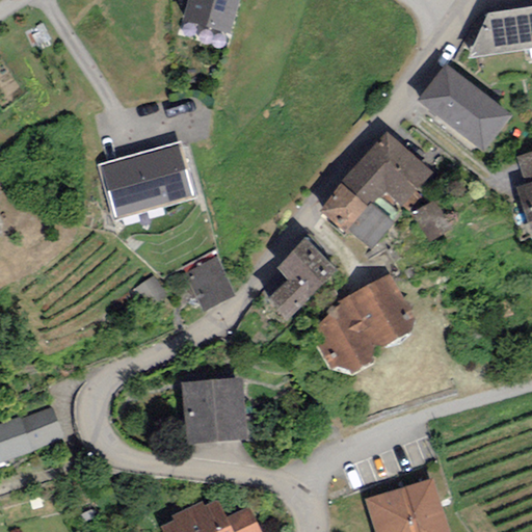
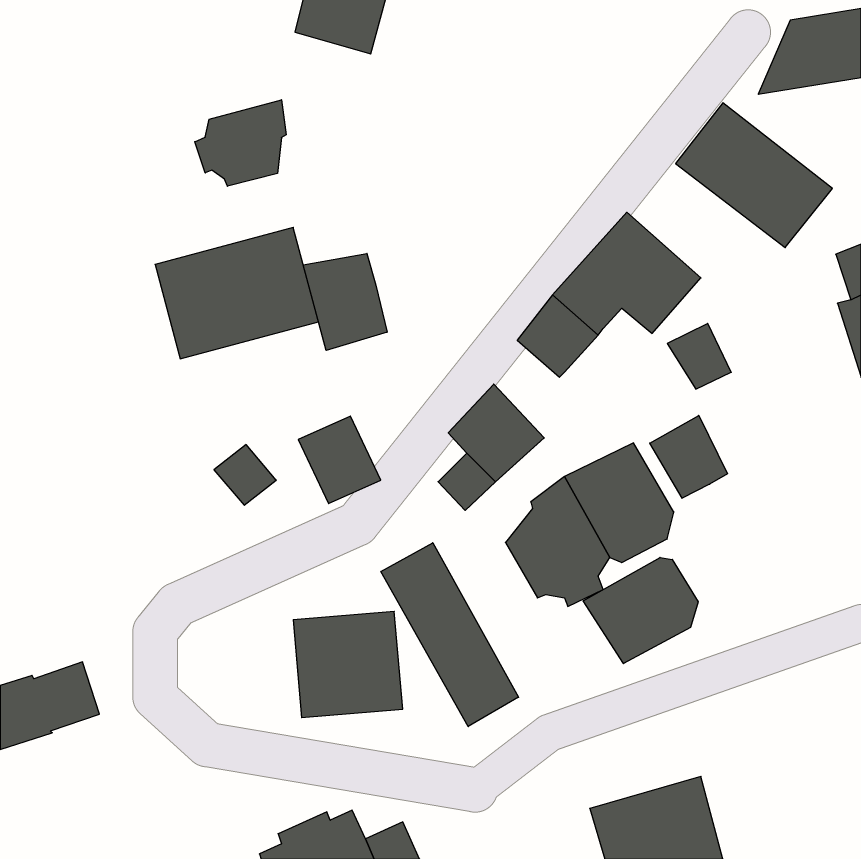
building: none -> [195,100,286,186]
building: none -> [303,253,387,350]
building: [348,203,394,249] -> none
building: none -> [650,415,728,498]
building: none -> [381,543,519,727]
building: none -> [583,557,698,664]

